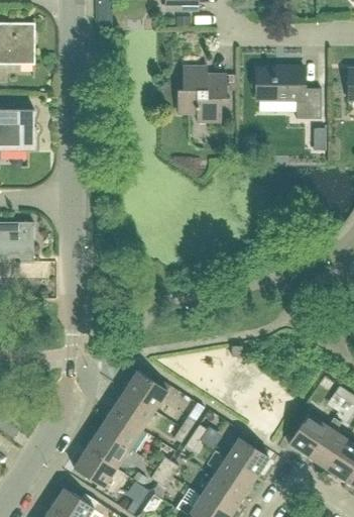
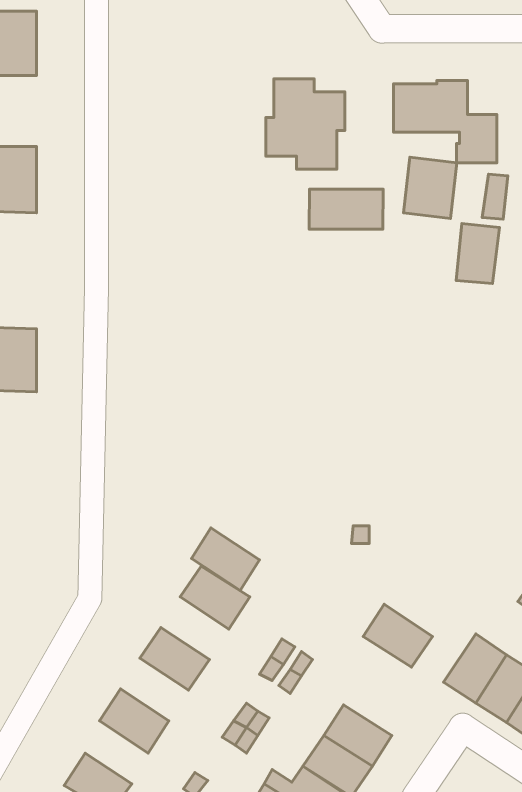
building: none -> [404,157,457,219]
building: none -> [309,189,383,229]
building: none -> [456,223,499,284]
building: [112,390,154,429] -> [192,528,259,591]
building: [87,428,129,468] -> none
building: [226,437,269,477] -> [363,604,432,667]

